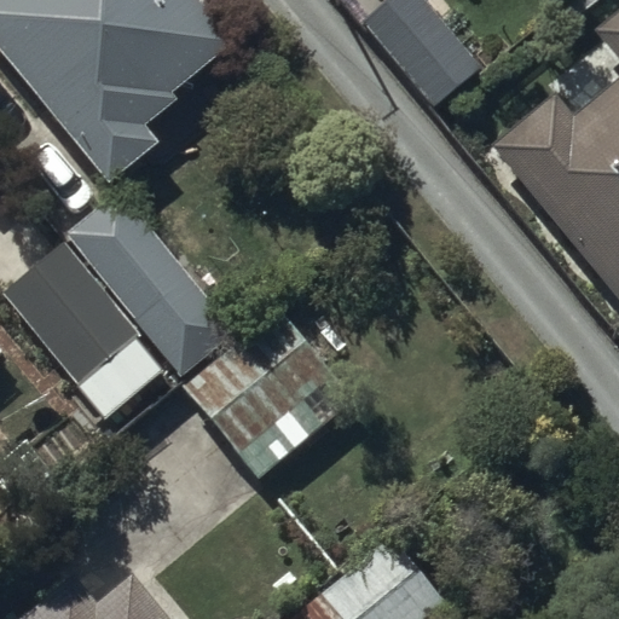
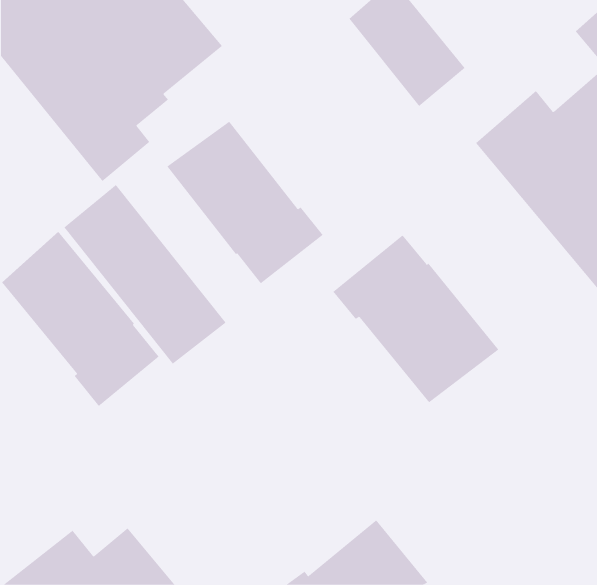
building: none -> [166,121,324,284]
building: none -> [332,234,499,403]
building: [181,301,355,479] -> none

